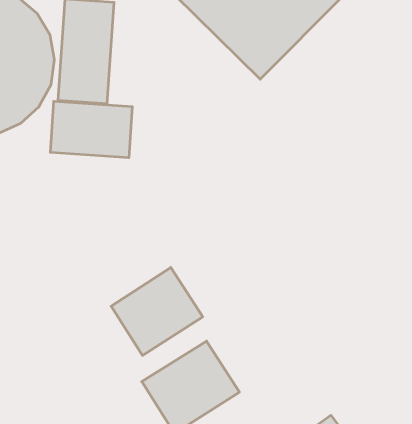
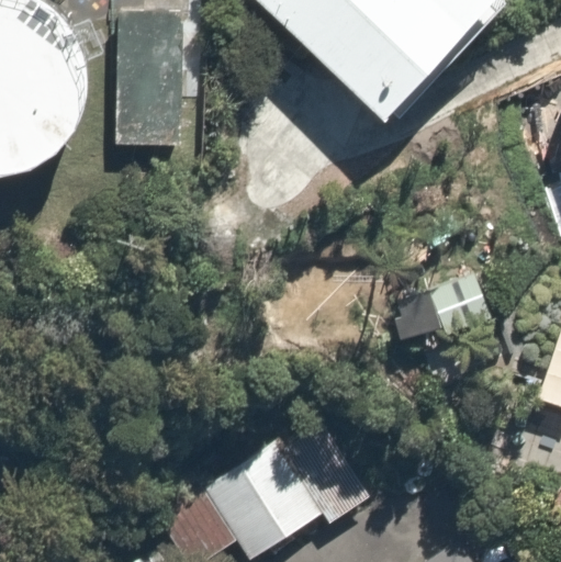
building: [50,101,132,158] -> none
building: [111,267,203,355] -> none

